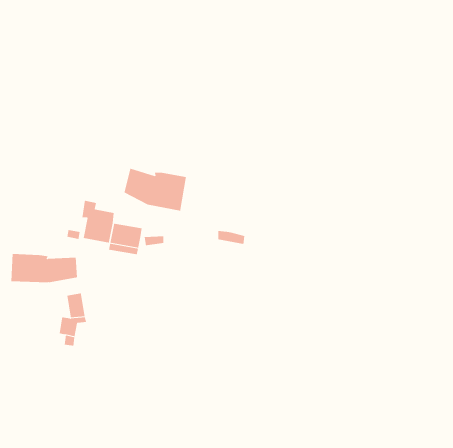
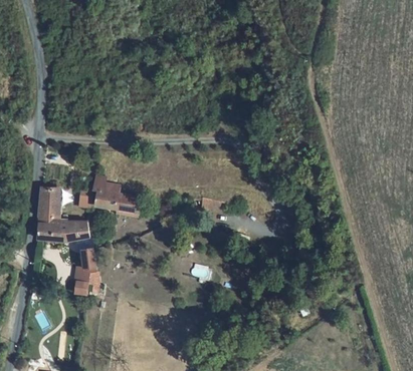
building: [124,168,187,212] -> none
building: none -> [37,187,59,218]

